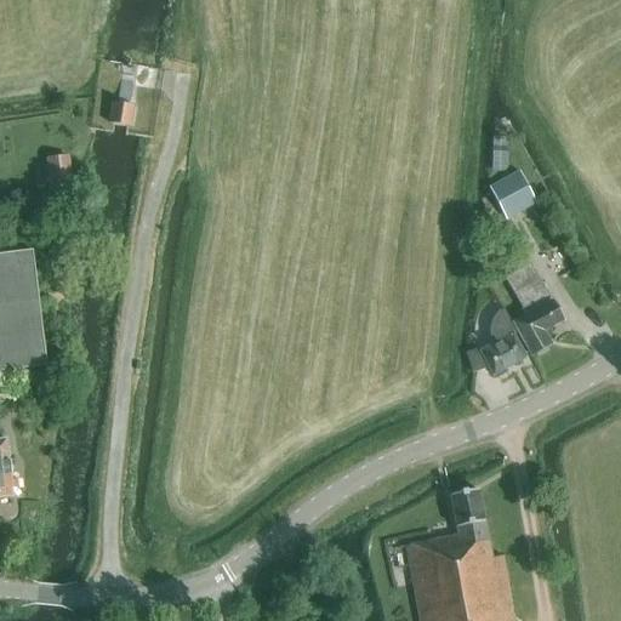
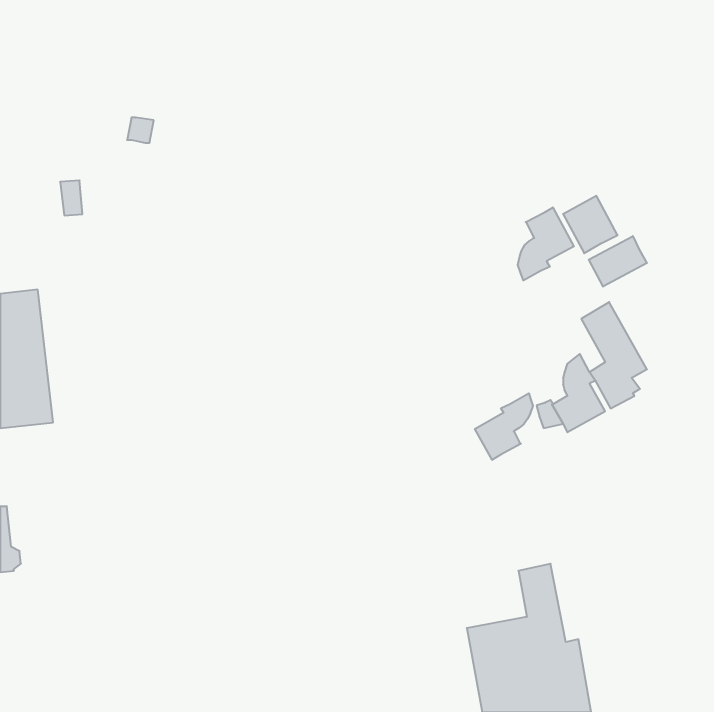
building: none -> [518,207,574,280]
building: none -> [589,236,647,287]
building: none -> [475,393,533,460]

